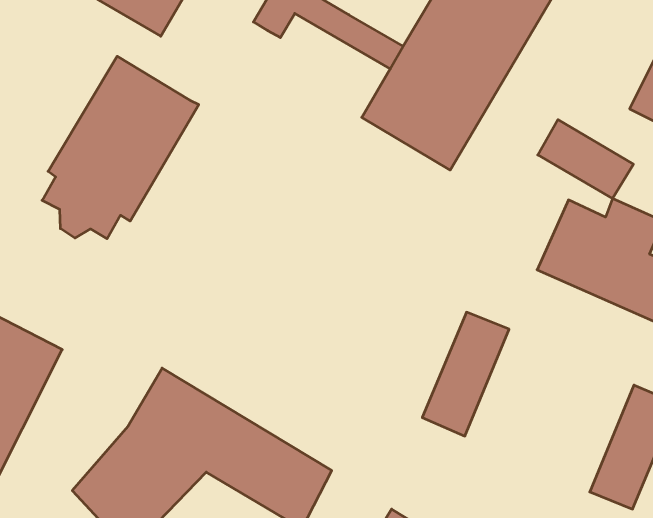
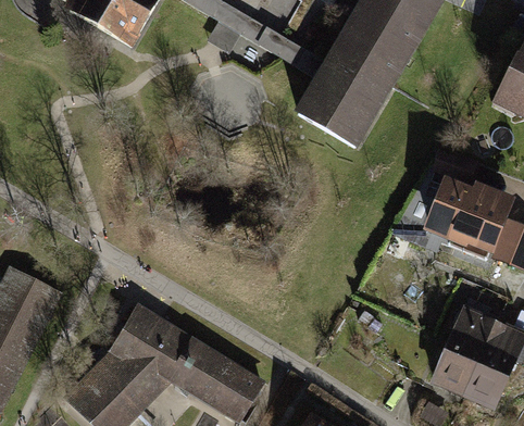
building: [42,56,199,239] -> none
building: [538,120,633,199] -> none
building: [422,312,509,436] -> [429,303,496,398]

